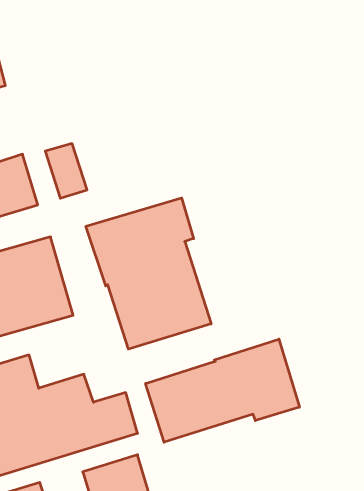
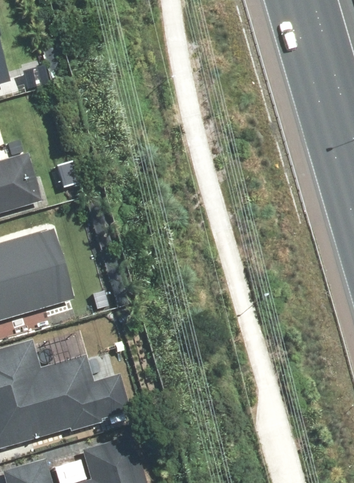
building: [86,198,211,349] -> none
building: [146,339,299,442] -> none

